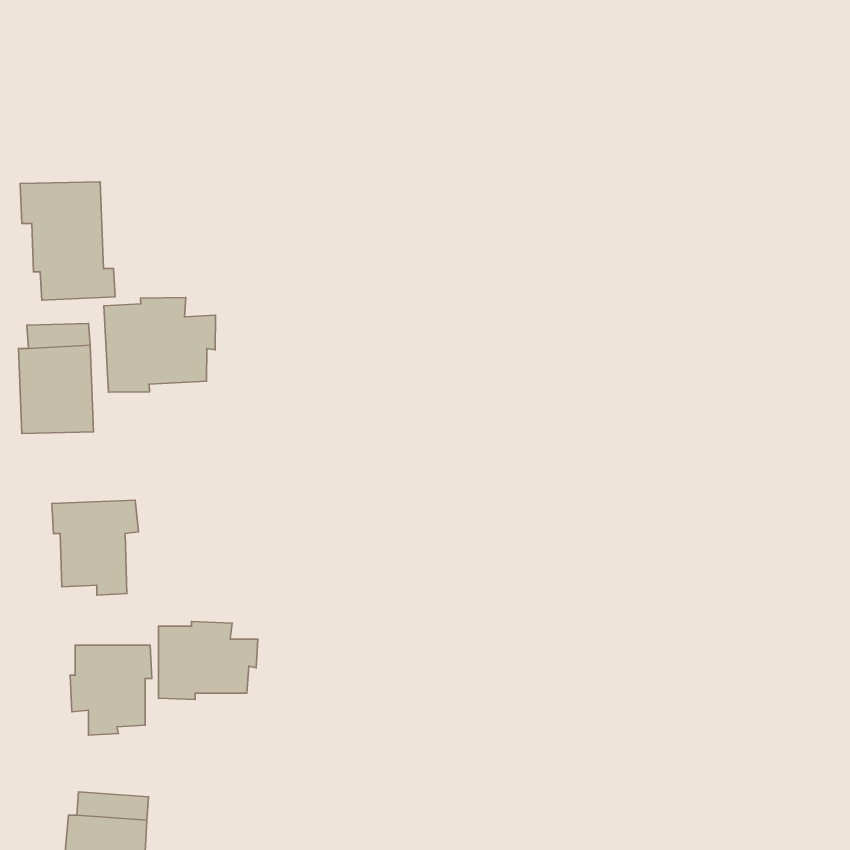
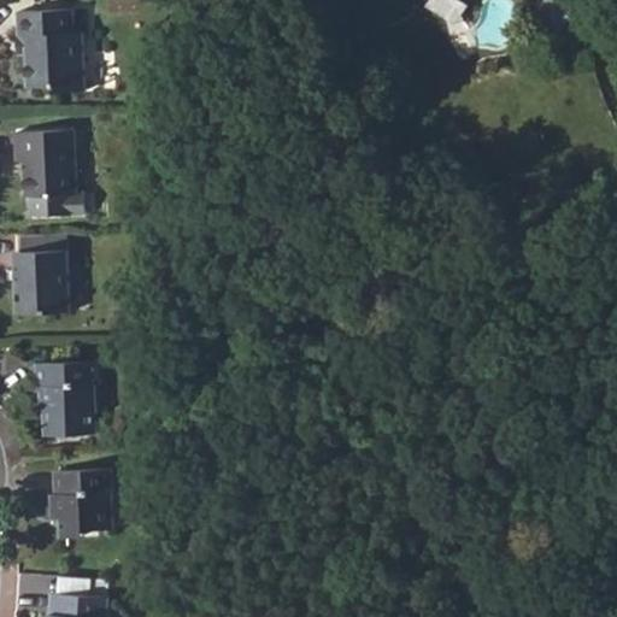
building: none -> [17,12,82,95]
building: [104,298,215,392] -> none
building: [158,622,258,700] -> none

